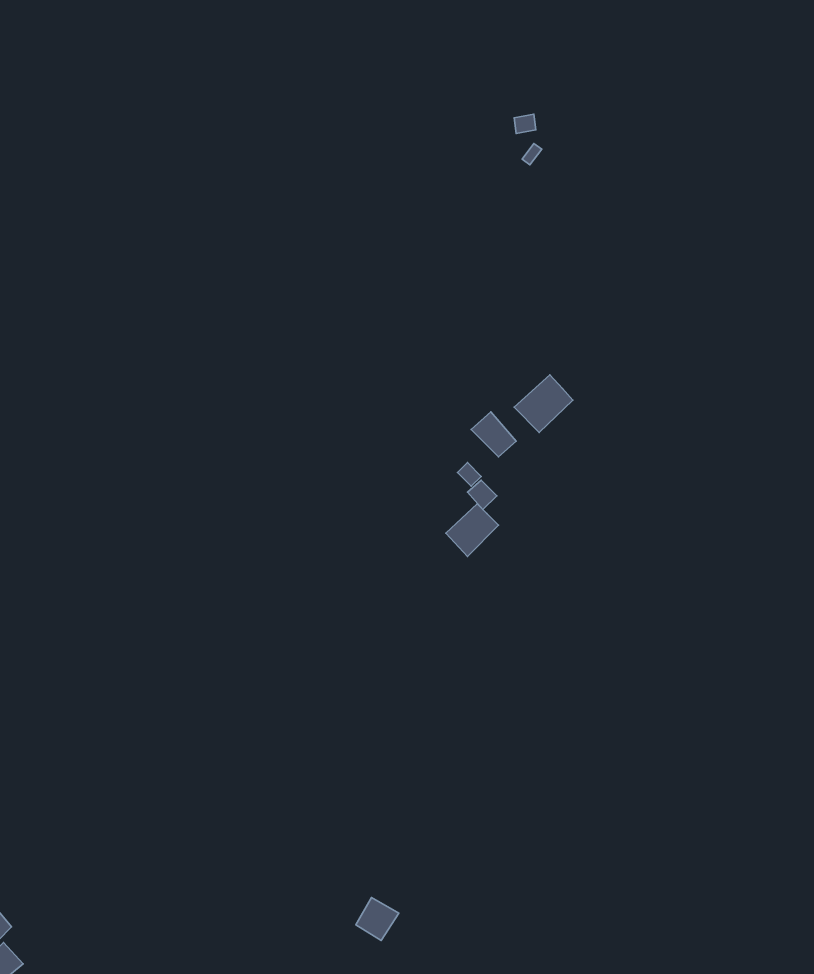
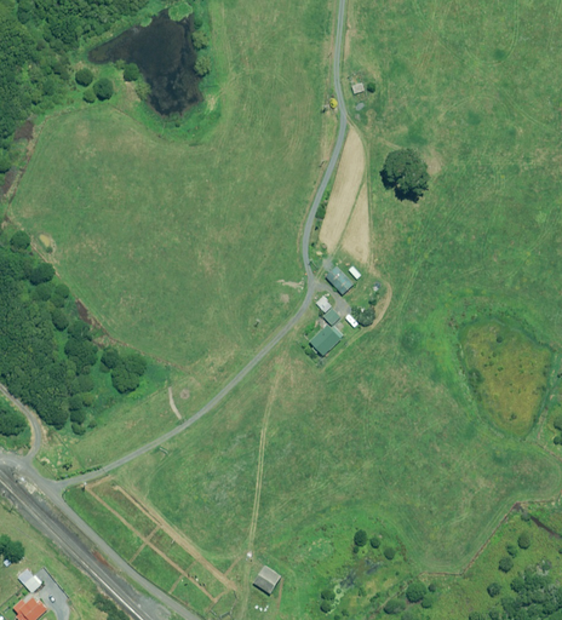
building: [514,375,573,432] -> none

